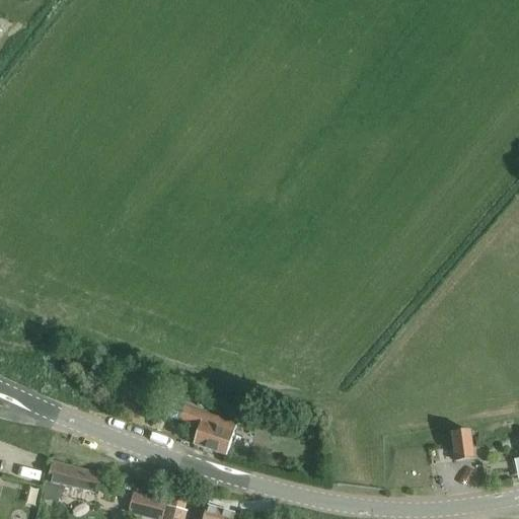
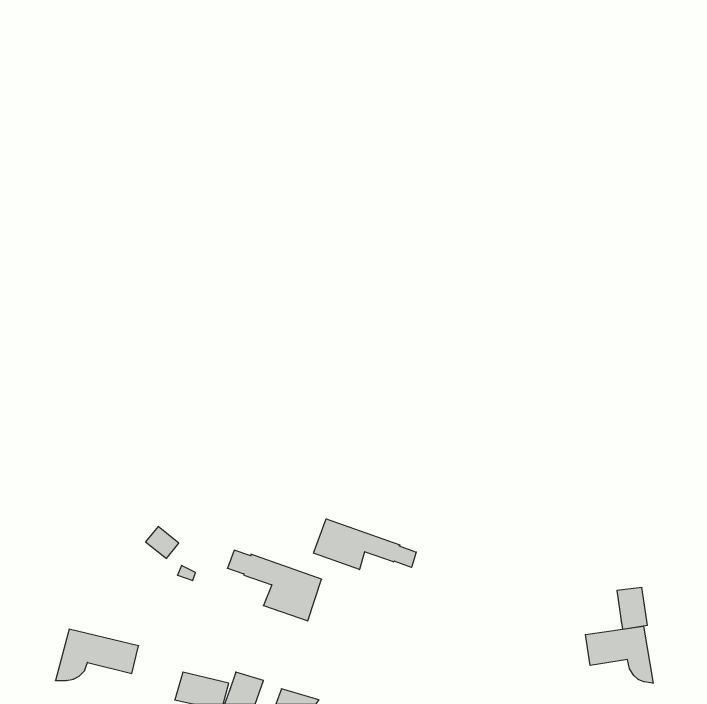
building: none -> [313,519,416,570]
building: none -> [585,626,653,683]

